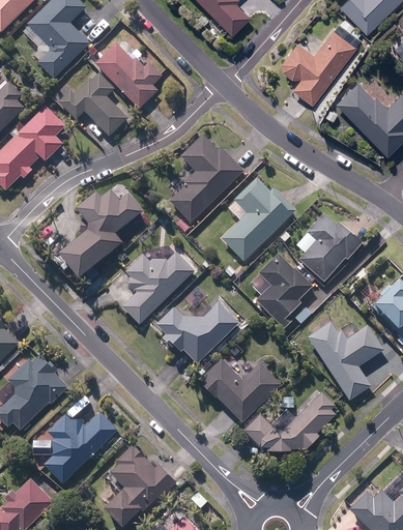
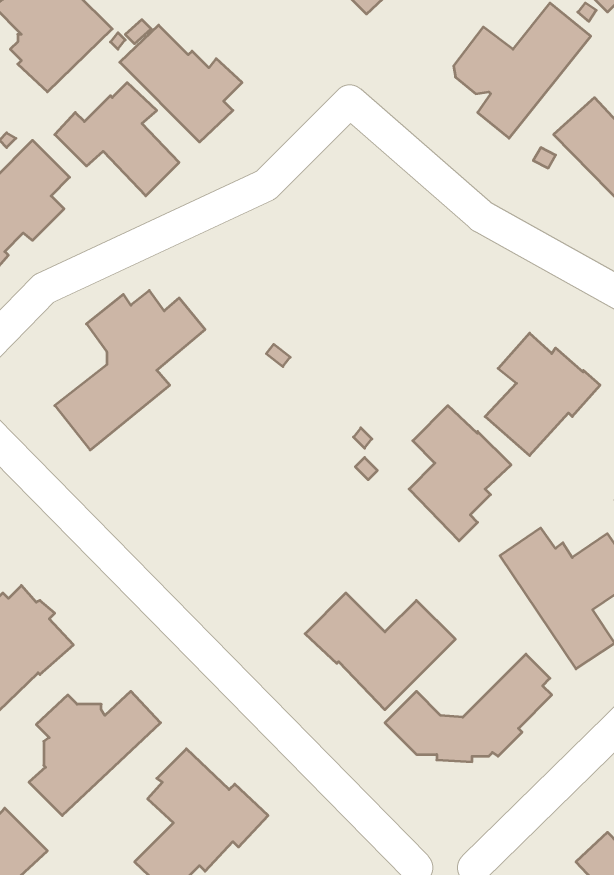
building: [169,135,243,223] -> none
building: [224,177,295,259] -> none
building: [121,252,194,324] -> none
building: [156,302,238,364] -> none

